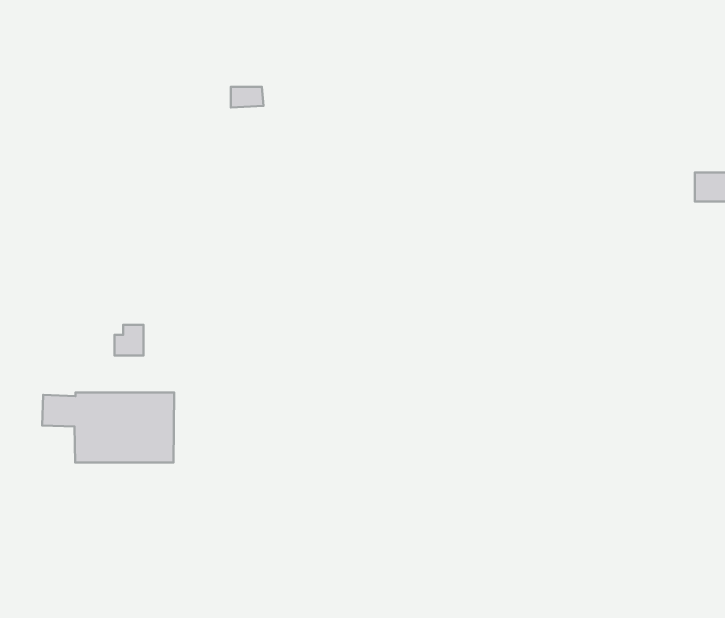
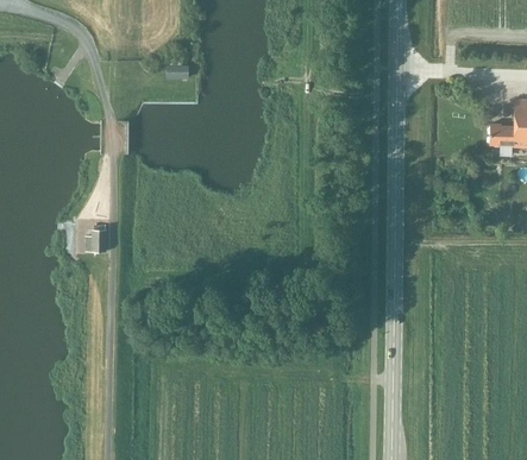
building: [42,392,174,462] -> none

